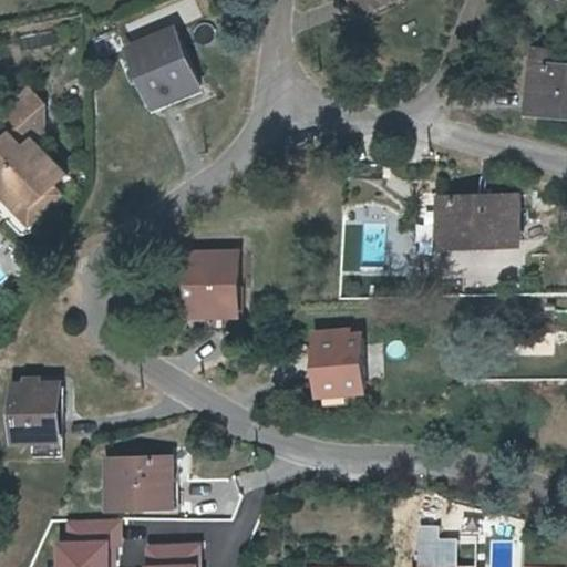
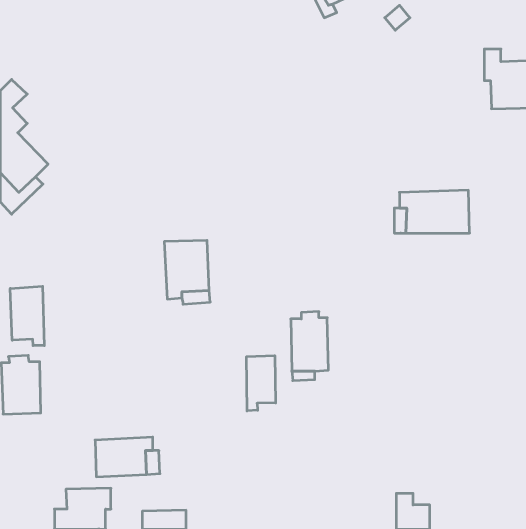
building: [128,31,196,110] -> none
building: none -> [10,286,44,346]
building: none -> [247,356,276,411]

